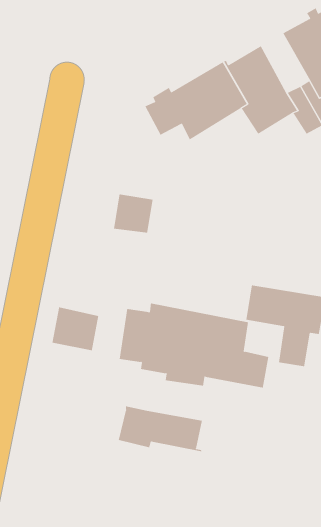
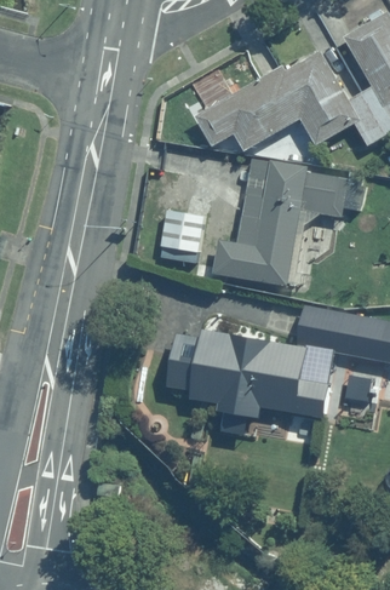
building: none -> [213,160,363,285]
building: [52,306,99,351] -> none
building: [118,405,202,452] -> none

